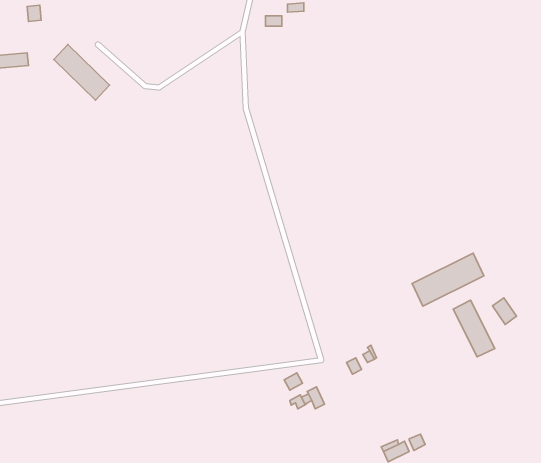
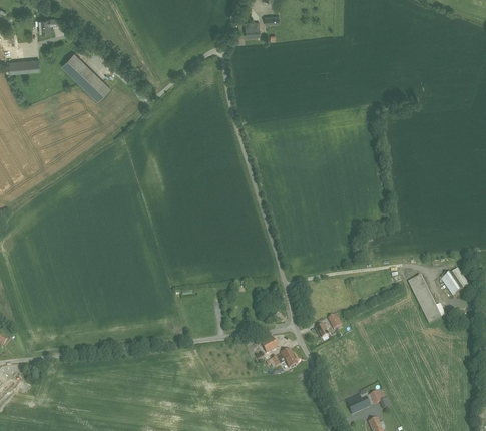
building: [412,253,484,306] -> none

